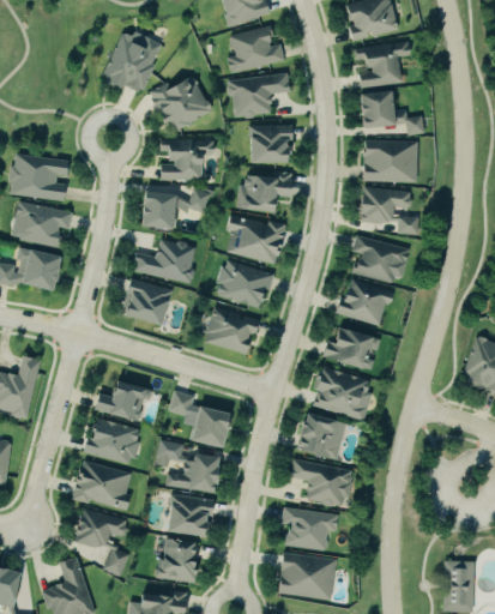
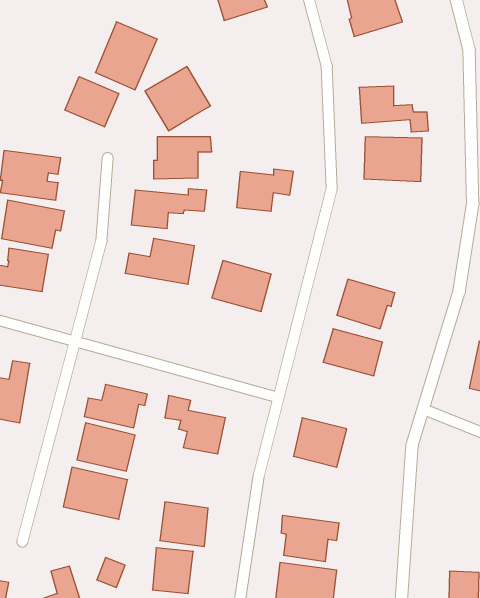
building: [229,28,286,73] -> none
building: [356,42,411,89] -> none
building: [230,74,290,119] -> none
building: none -> [65,77,119,127]
building: [249,125,292,163] -> none
building: [360,188,418,235] -> none
building: [227,217,286,264] -> none
building: [351,235,411,284] -> none
building: [121,279,171,326] -> none
building: [205,307,260,355] -> none
building: [313,367,373,421] -> none
building: [157,440,221,494] -> none
building: [289,459,352,507] -> none
building: [73,507,132,549] -> none

